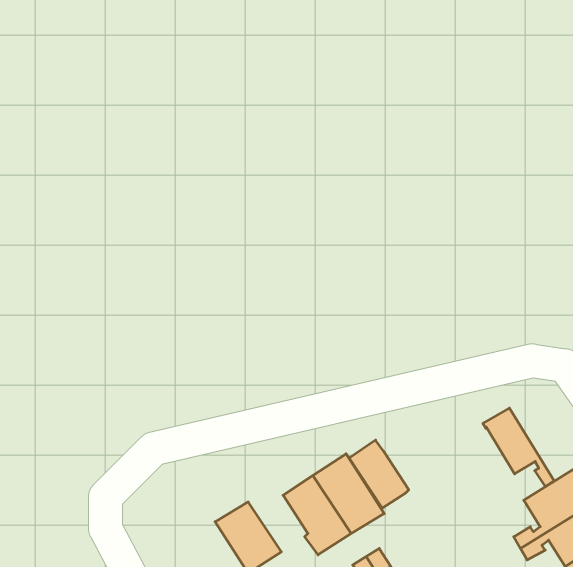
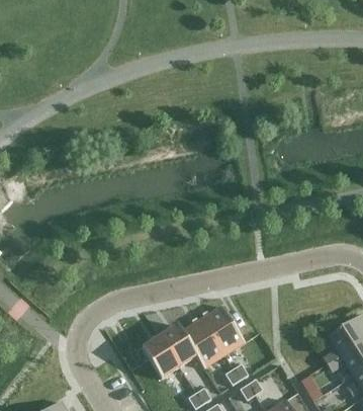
building: [483,408,554,487] -> none
building: [349,440,409,508] -> [161,324,197,365]

